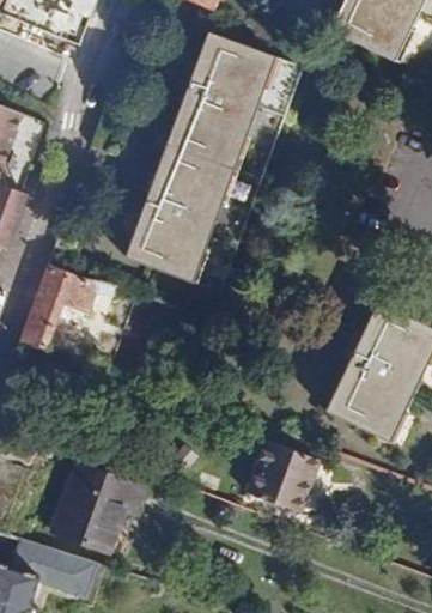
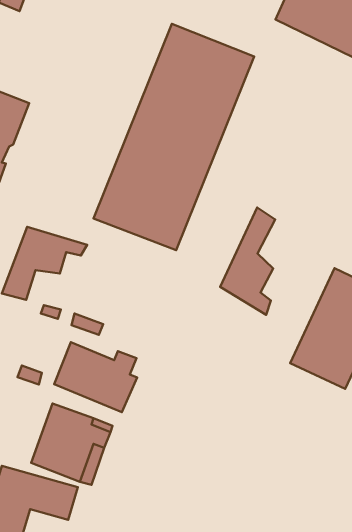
building: none -> [220,207,275,315]
building: none -> [54,342,137,412]
building: [244,439,316,510] -> none

